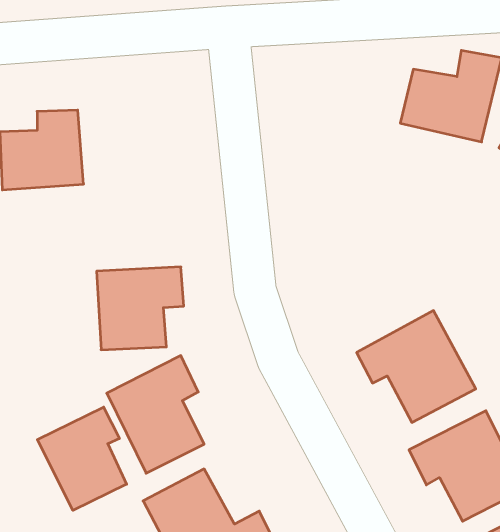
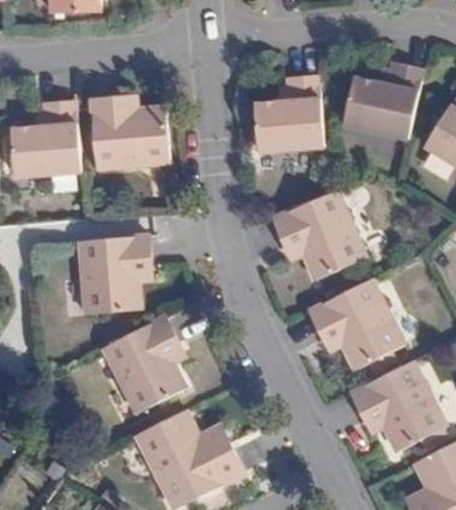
building: none -> [256,77,327,150]
building: none -> [91,104,165,171]
building: none -> [274,189,365,277]
building: [37,407,127,510] -> none

